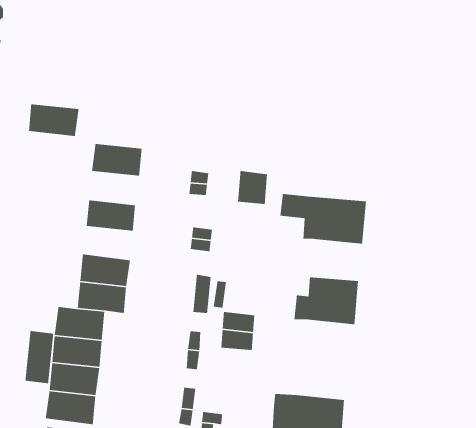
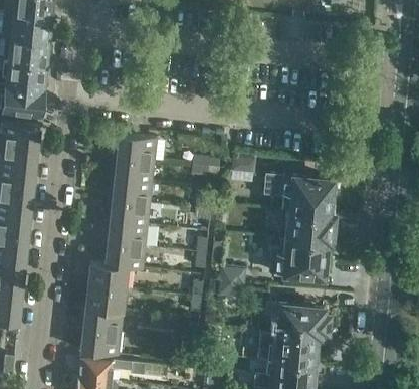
building: [28,103,79,137] -> [115,158,155,184]
building: none -> [110,201,150,227]
building: none -> [284,211,334,243]
building: [24,330,54,384] -> none
building: none -> [265,304,324,338]

